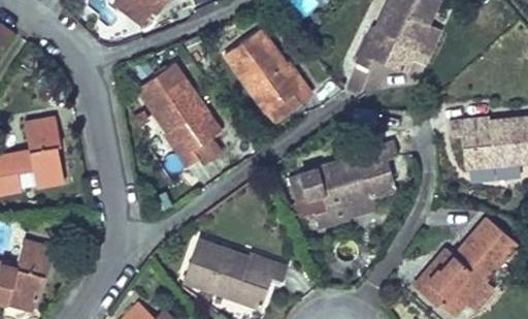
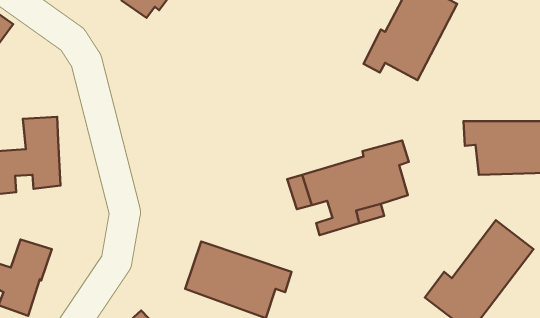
building: [223,26,309,113] -> none
building: [141,63,226,165] -> none

